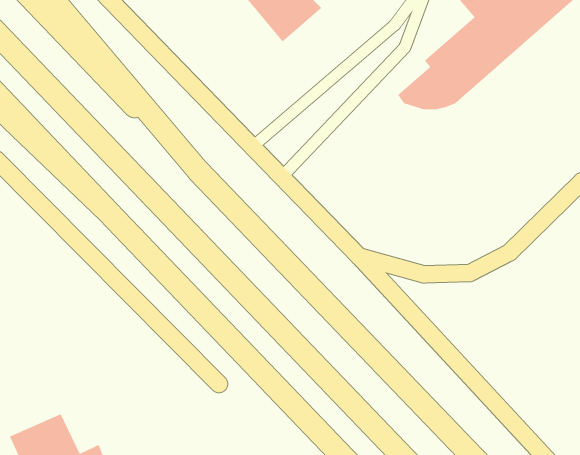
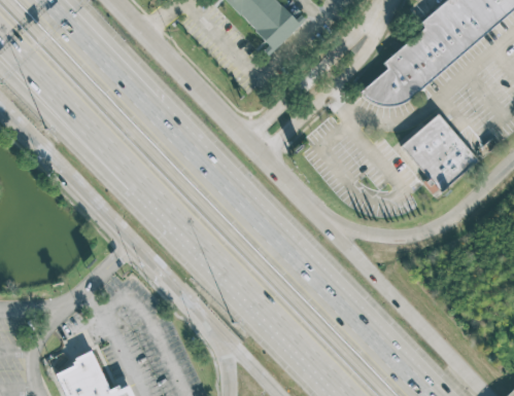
building: none -> [402,115,480,193]

